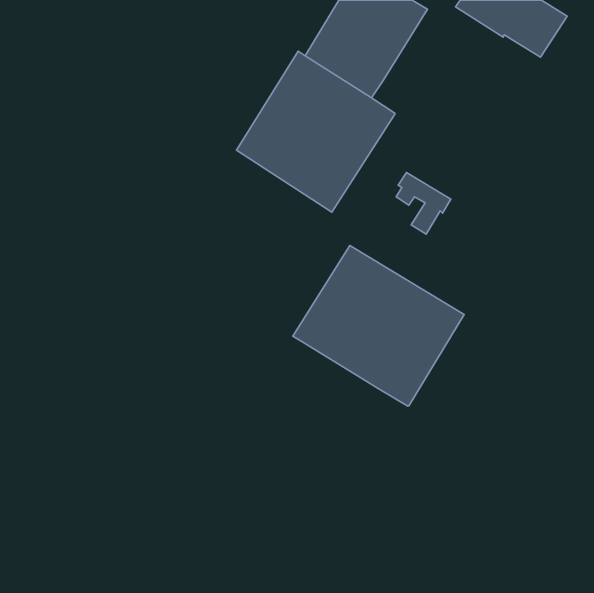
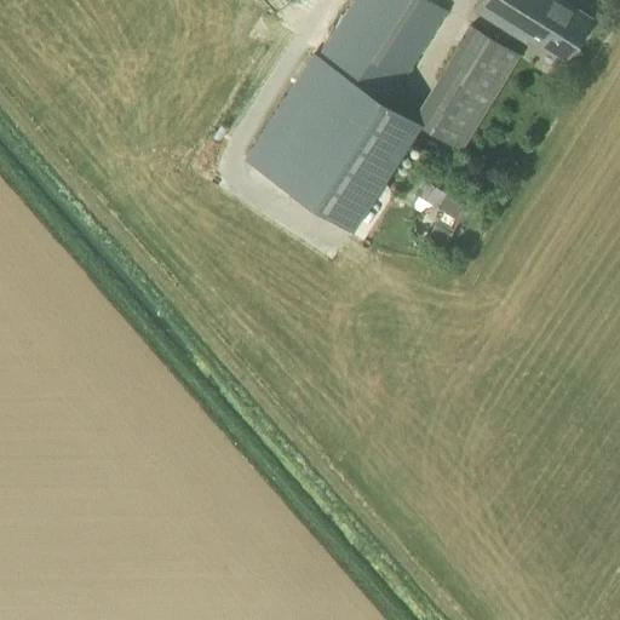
building: none -> [412,27,519,151]
building: [293,246,464,406] -> none

